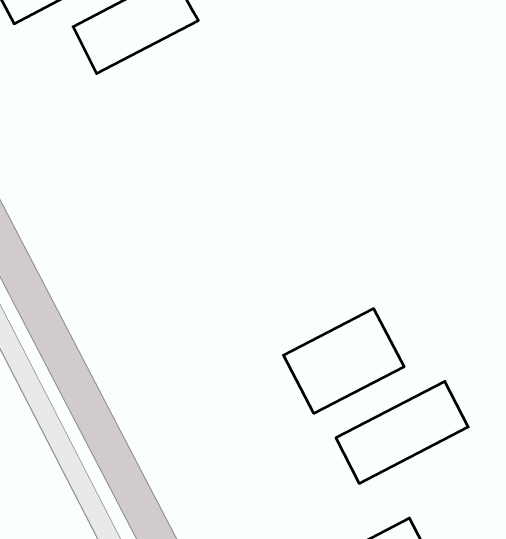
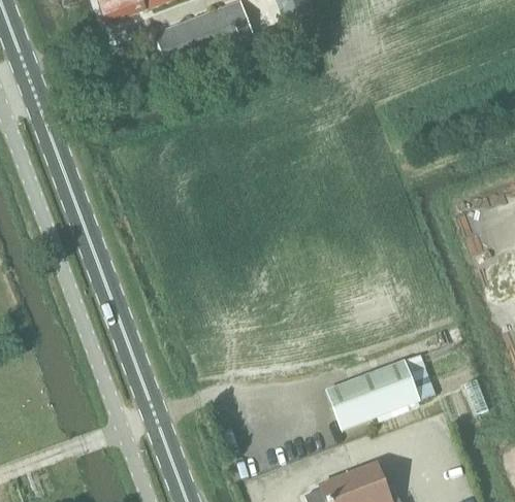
building: [283,309,404,413] -> none

